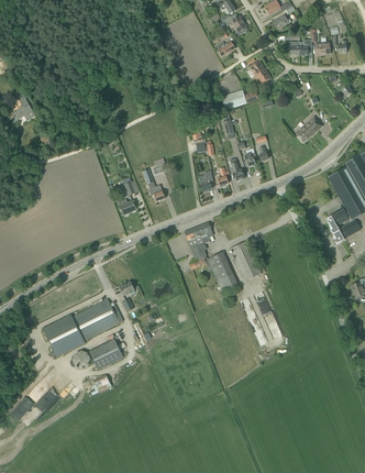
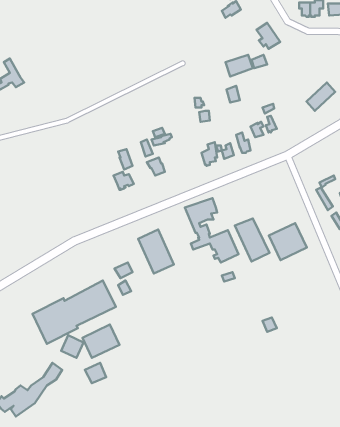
building: none -> [269,223,307,260]
building: none -> [138,230,174,274]

